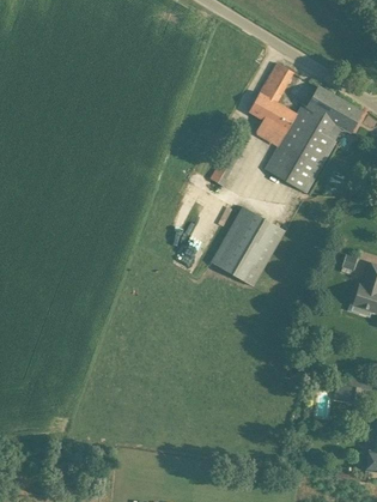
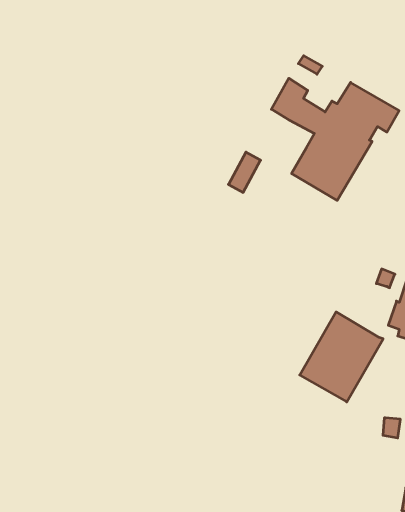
building: [211,206,285,286] -> [300,312,383,402]

